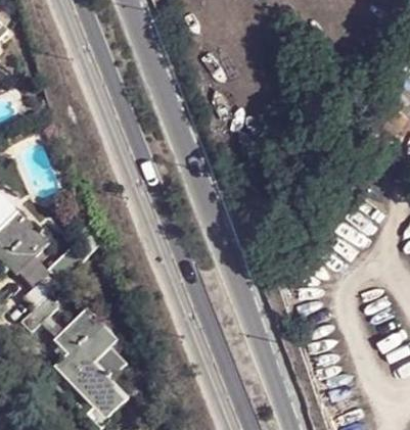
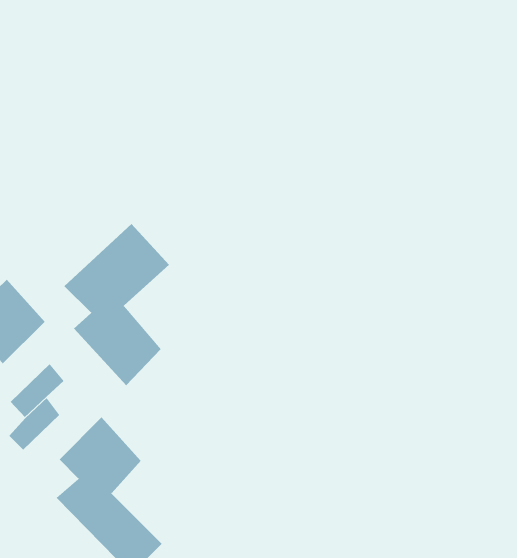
building: none -> [64,223,170,386]

